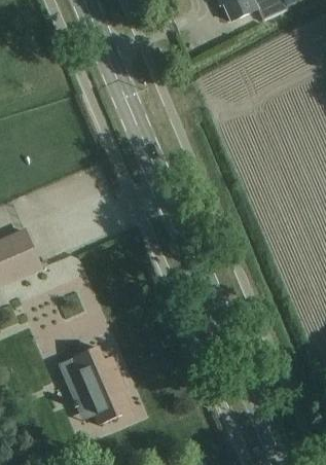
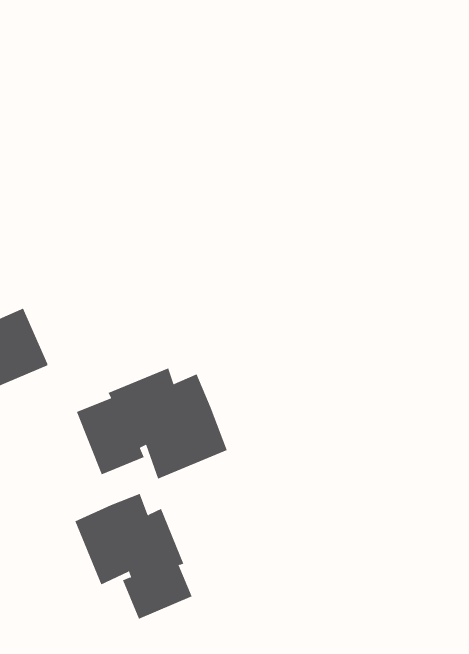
building: none -> [76,367,227,479]

